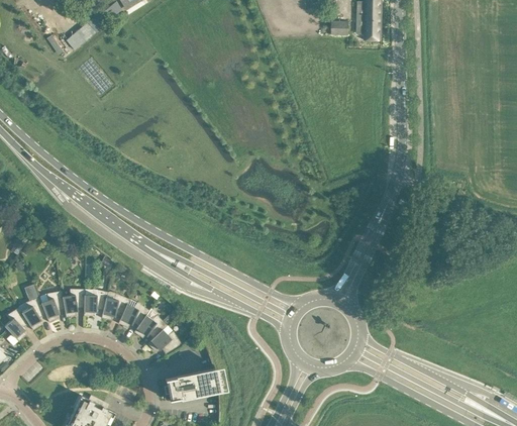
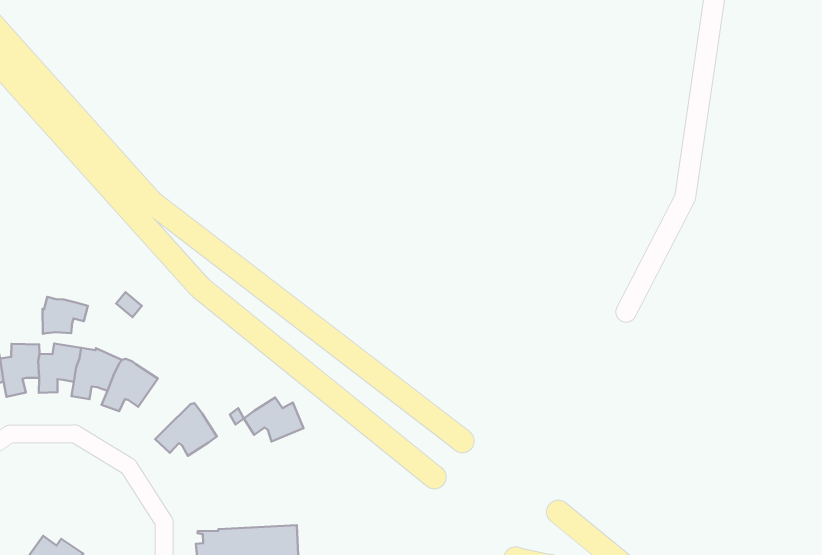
building: none -> [43,297,88,334]
building: [116,300,147,328] -> none
building: [145,330,179,354] -> [244,398,303,442]

